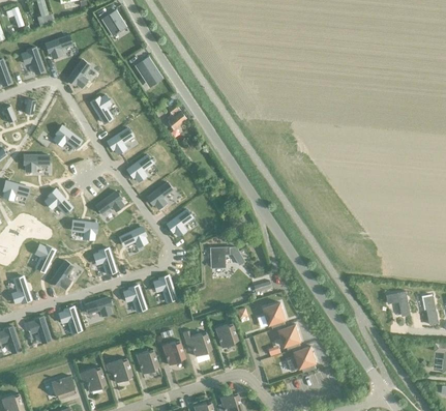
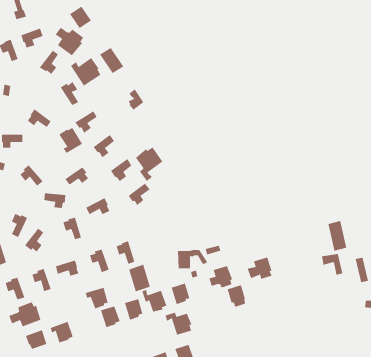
building: none -> [55,27,84,56]
building: none -> [70,57,101,86]
building: none -> [58,127,83,154]
building: none -> [135,147,163,182]
building: [209,246,244,268] -> [177,249,208,269]
building: none -> [328,220,347,252]
building: none -> [128,264,151,292]
building: none -> [9,302,41,327]
building: [286,347,315,373] -> [247,257,272,280]
building: none -> [165,312,192,335]
building: [103,358,130,383] -> [85,287,109,309]

